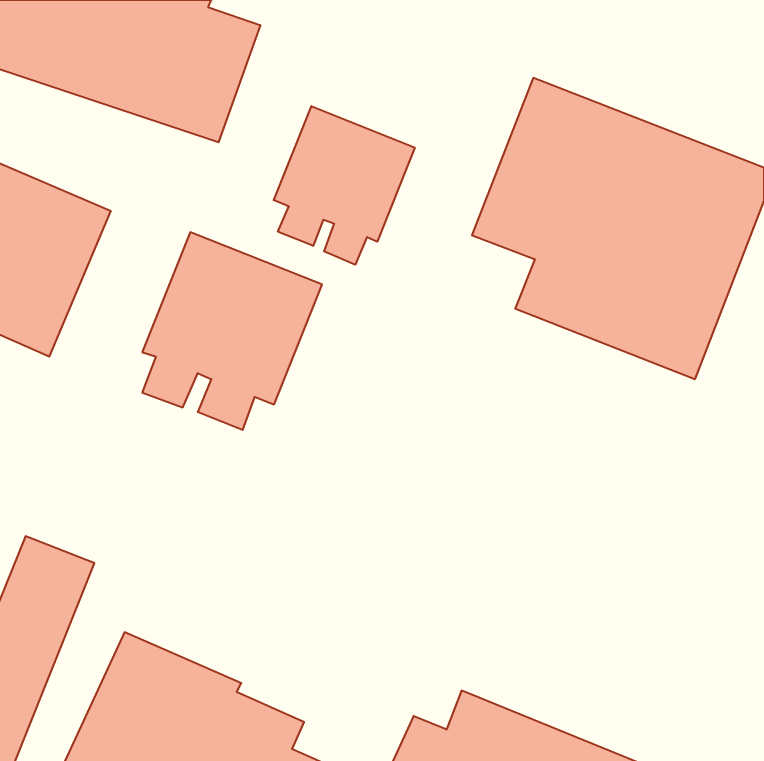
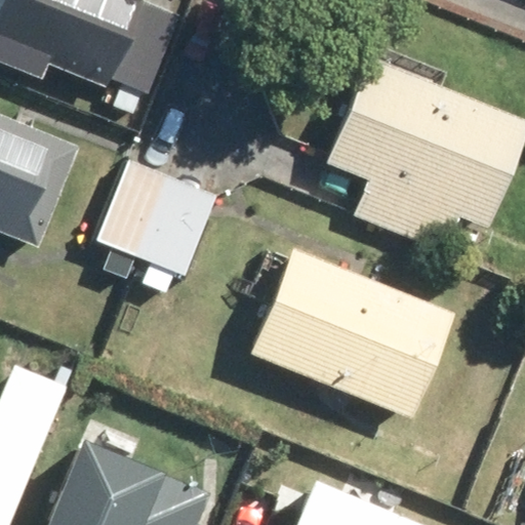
building: [274,106,415,265] -> none
building: none -> [249,245,458,417]

